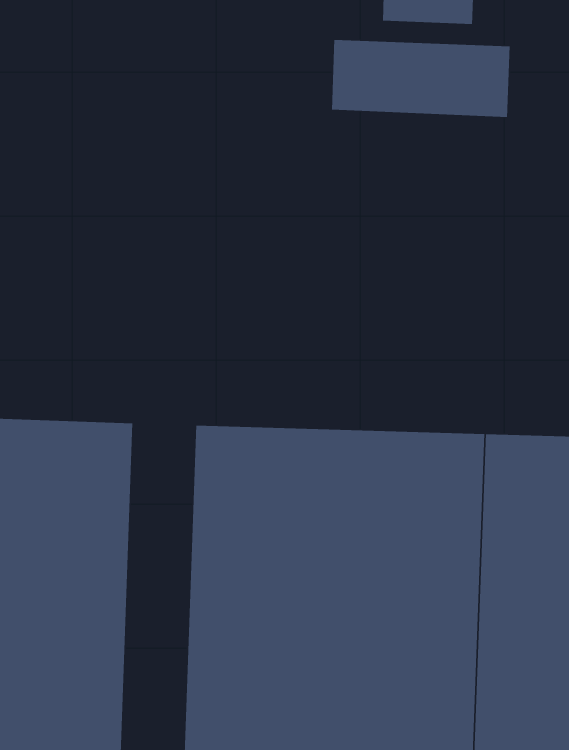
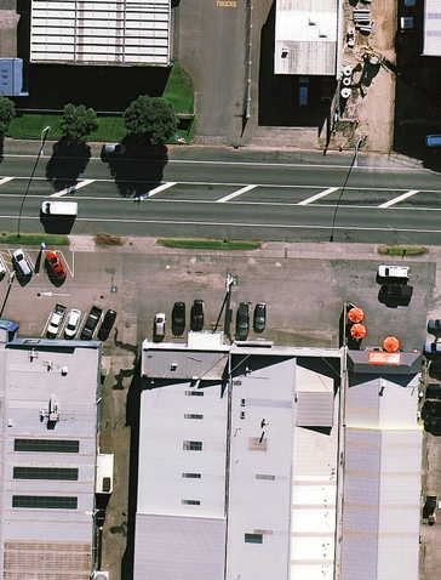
building: [331,39,510,118] -> none

